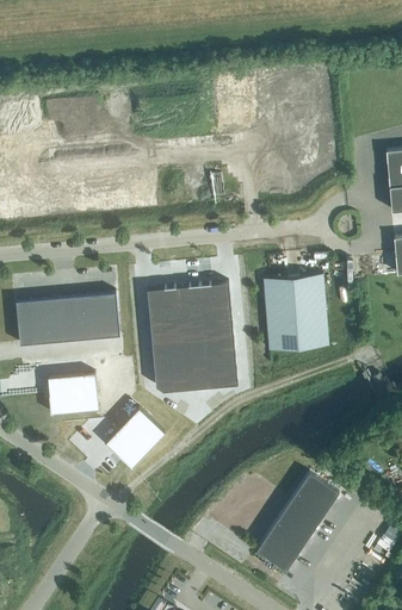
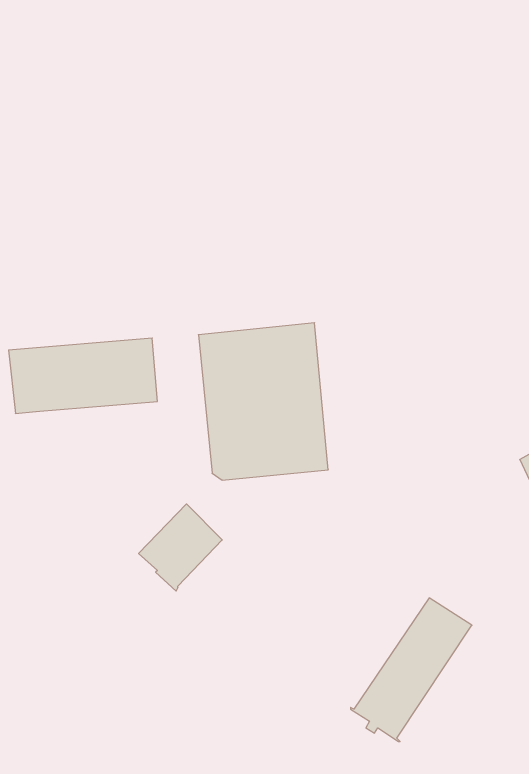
building: [264,275,328,351] -> none
building: [48,374,99,415] -> none

